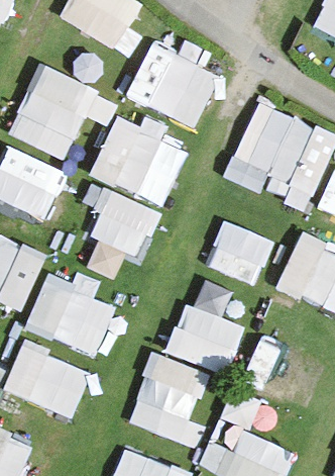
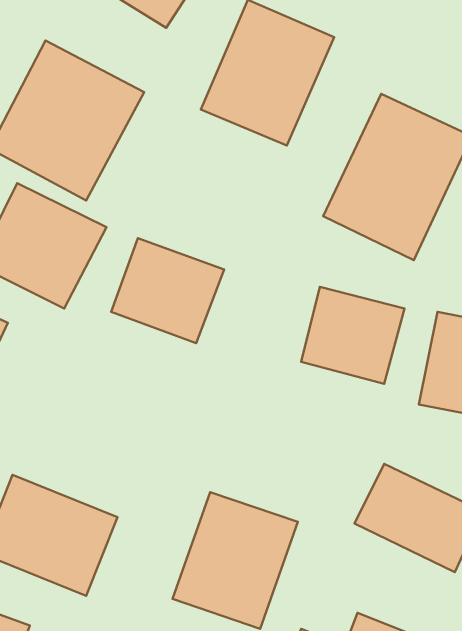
building: [94,117,191,205] -> none
building: [26,274,118,356] -> none
building: [166,300,246,371] -> none

